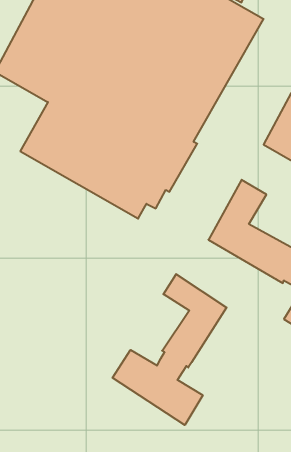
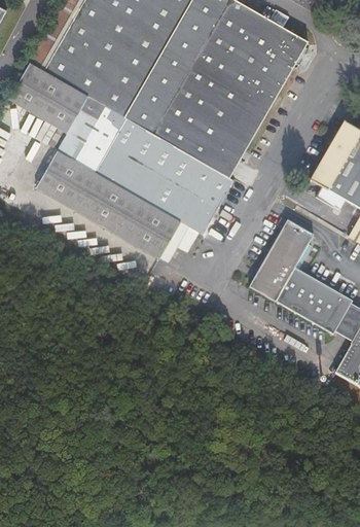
building: [113,274,227,425] -> none

